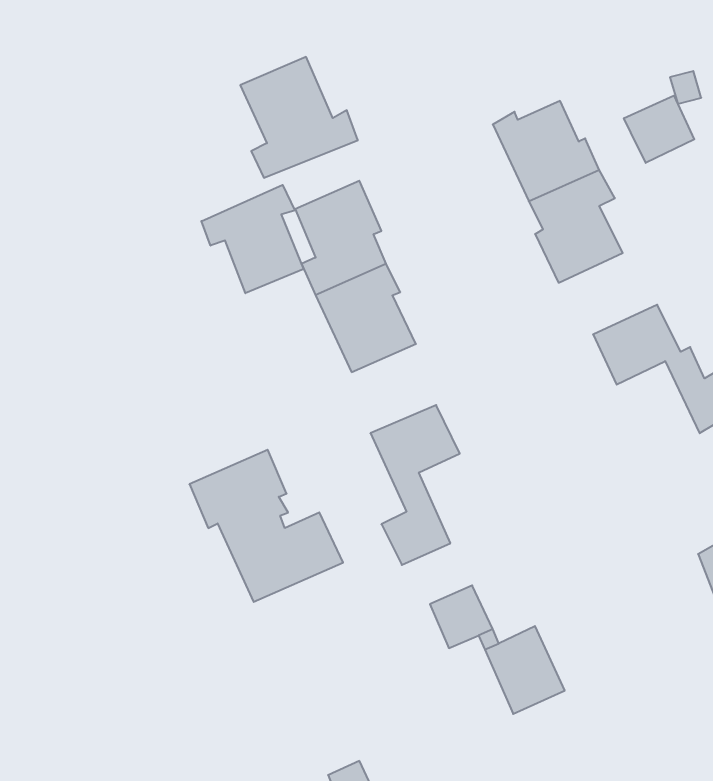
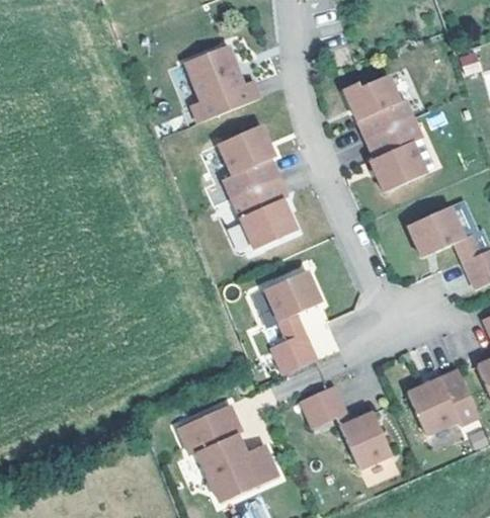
building: [624,96,694,163] -> none
building: [201,185,303,293] -> none
building: [189,450,343,602] -> [178,402,277,500]
building: none -> [406,370,478,435]

